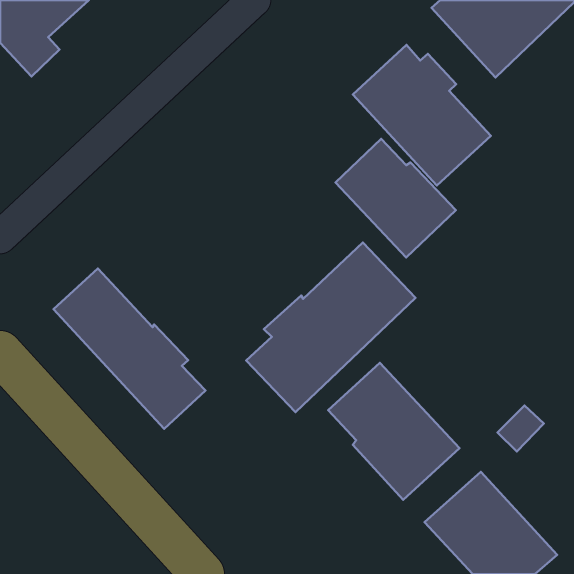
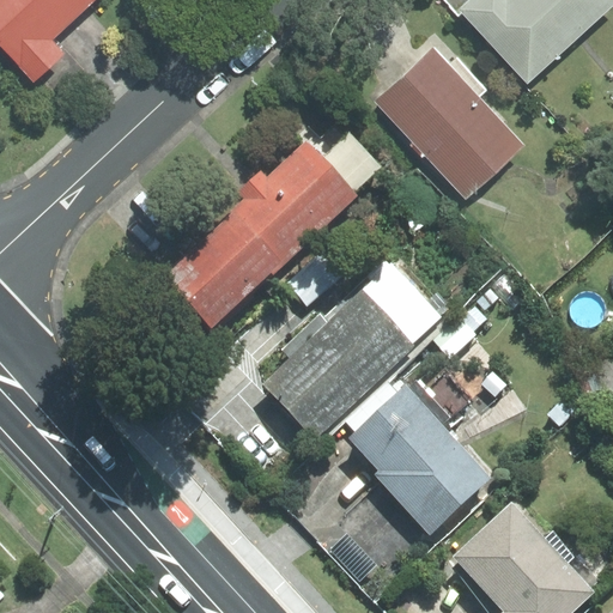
building: none -> [164,142,354,327]
building: [336,139,456,258] -> none
building: [54,269,205,429] -> none

